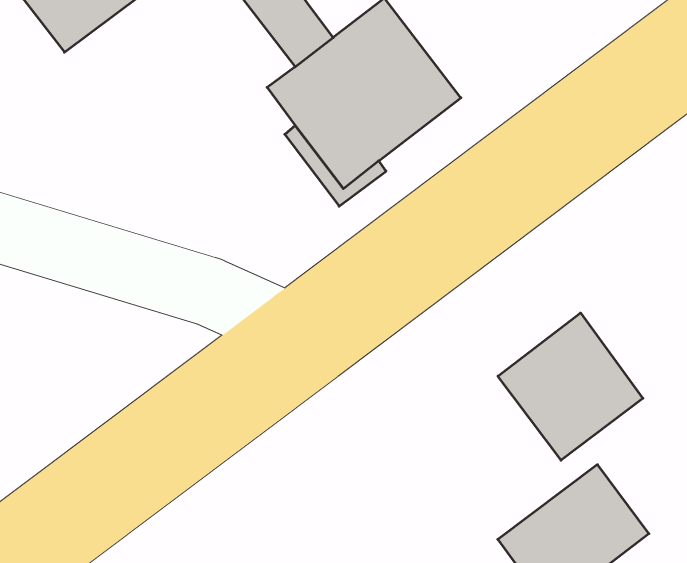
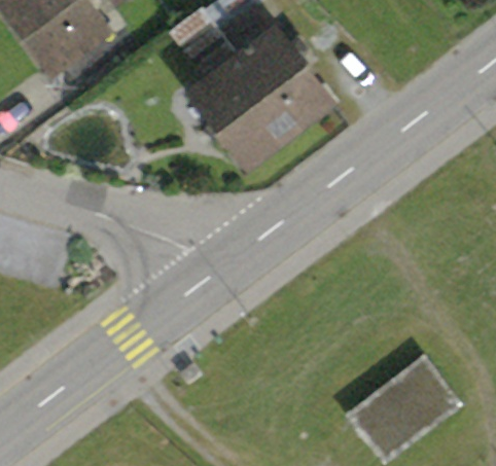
building: [498,313,643,460] -> none

